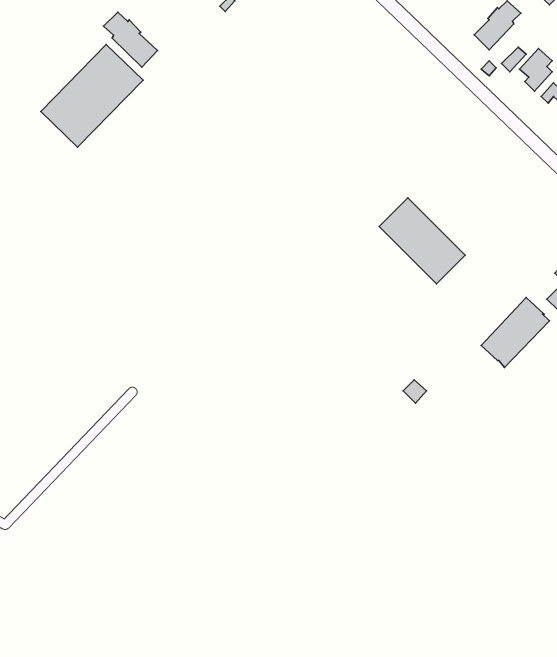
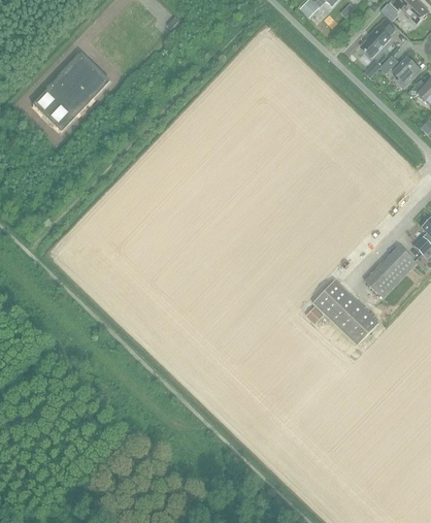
building: [104,12,157,67] -> none
building: [379,198,465,284] -> [313,279,378,344]

